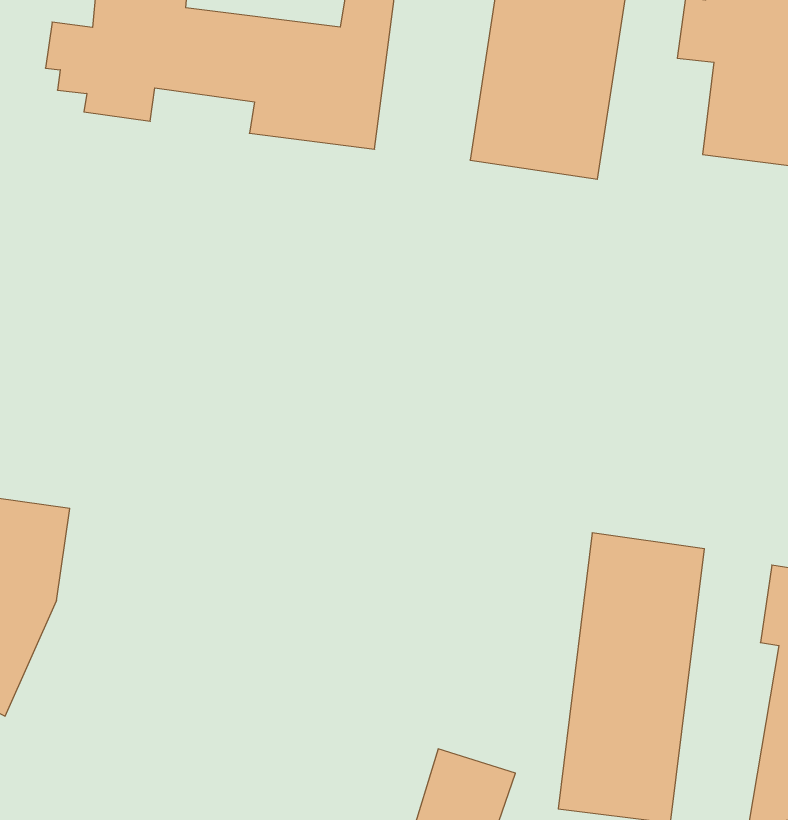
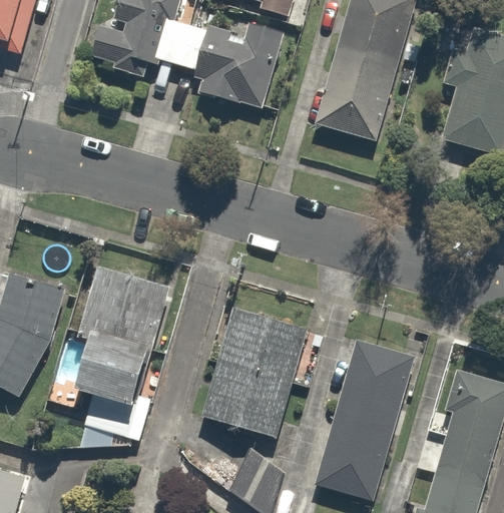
building: none -> [67,265,161,438]
building: none -> [200,305,333,437]

